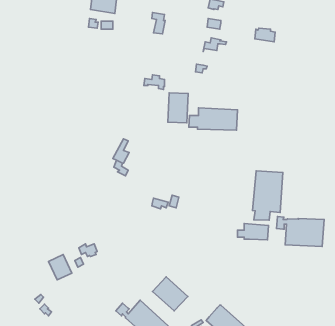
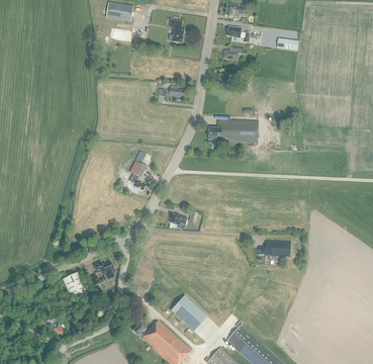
building: [168,93,188,123] -> none
building: [253,171,283,220] -> none
building: [277,216,324,247] -> none

